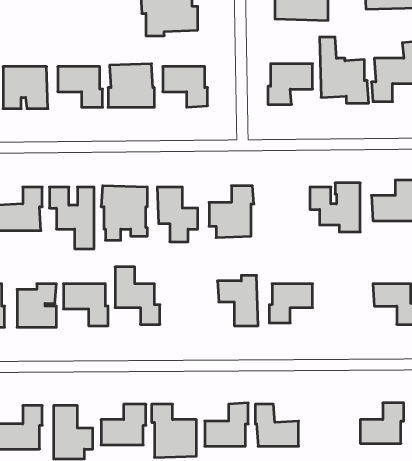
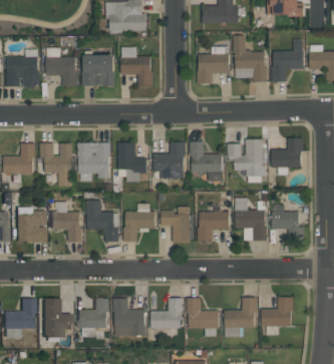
building: none -> [190,141,223,180]
building: none -> [235,209,267,241]
building: none -> [123,211,155,242]
building: none -> [225,297,257,328]

